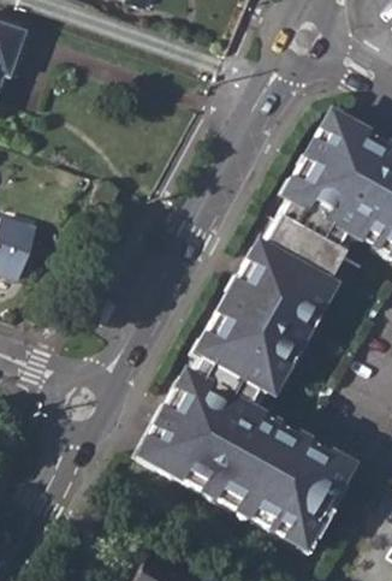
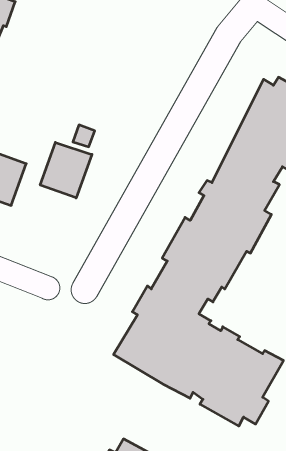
building: none -> [40,142,92,198]

